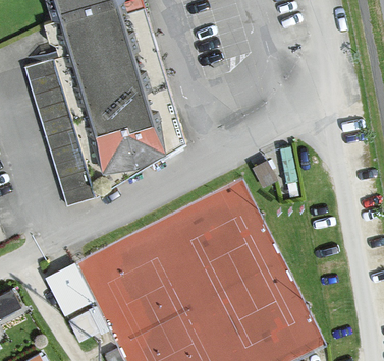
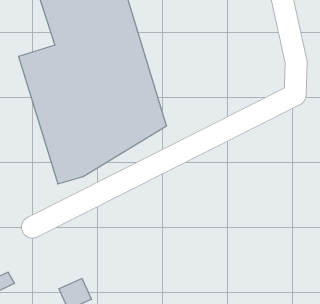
building: [46,263,93,316] -> none

